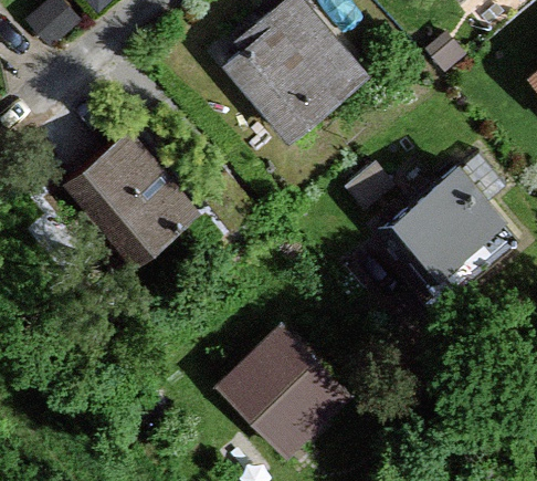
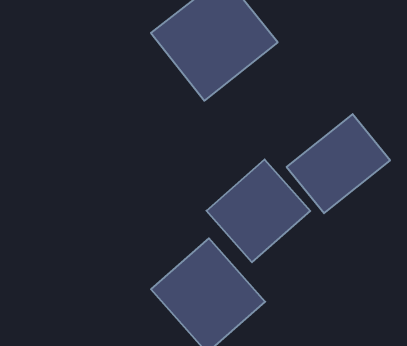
building: [50,133,208,292] -> none
building: none -> [206,159,310,262]

